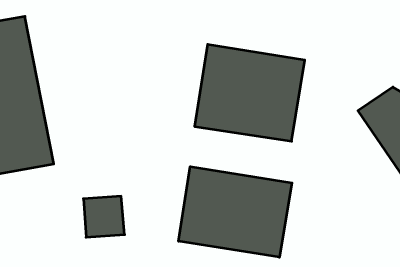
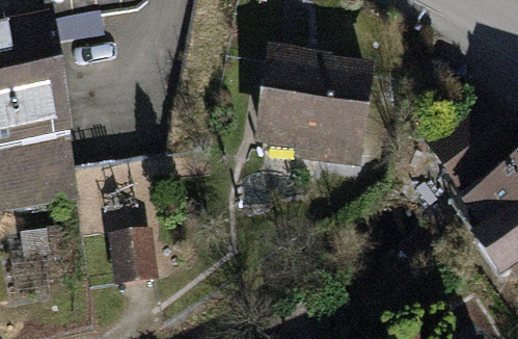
building: [179,167,292,257] -> none

